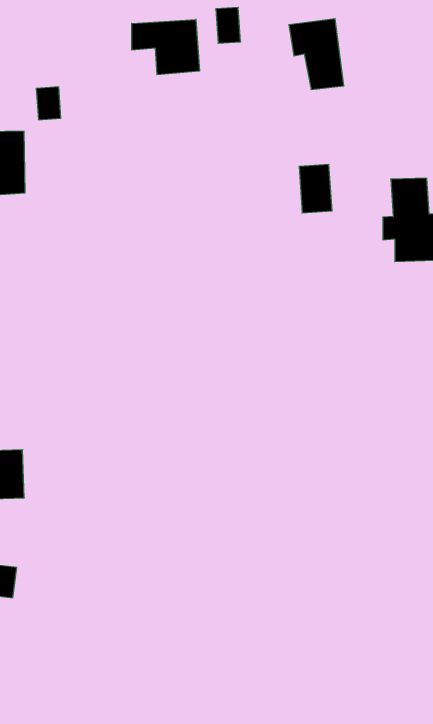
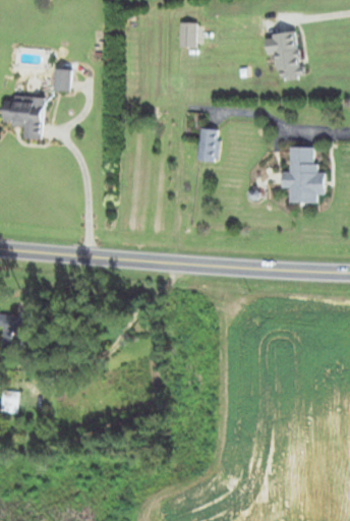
building: [289,19,344,89] -> [266,33,300,79]
building: [132,19,199,75] -> none
building: [299,165,332,213] -> [197,129,218,161]

